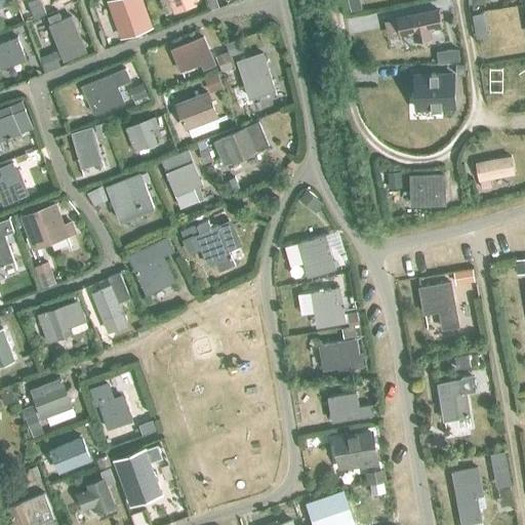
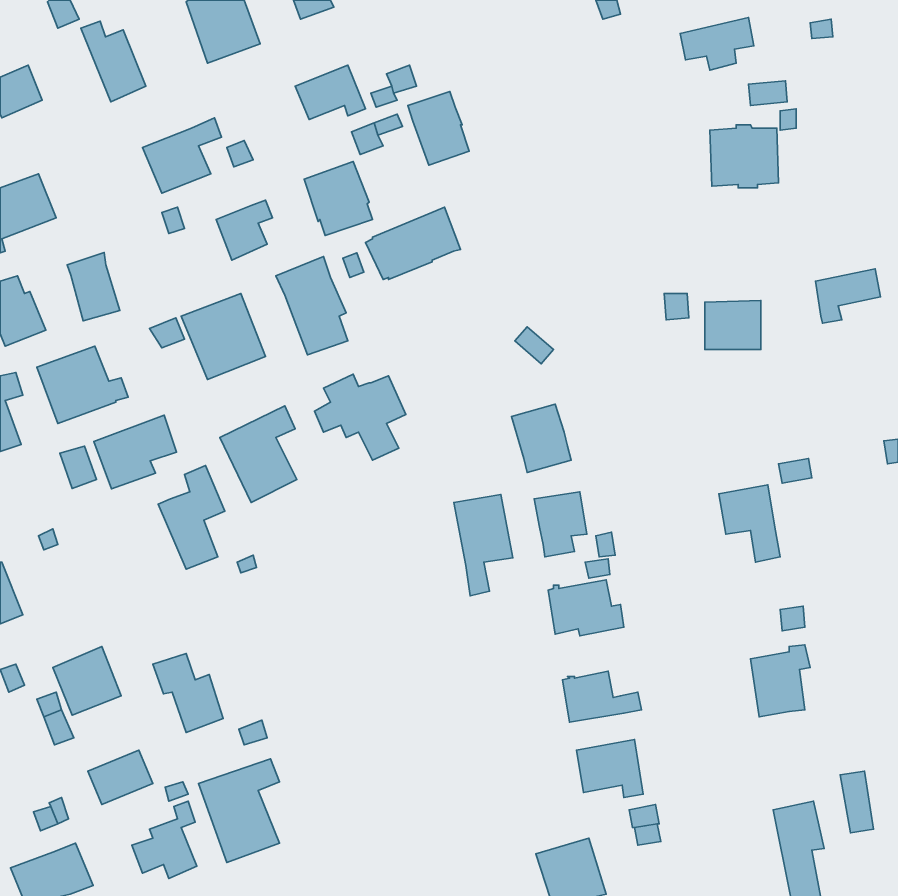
building: [71,127,102,167] -> [67,252,120,321]
building: none -> [454,495,513,596]
building: [37,300,85,344] -> [94,415,176,489]

